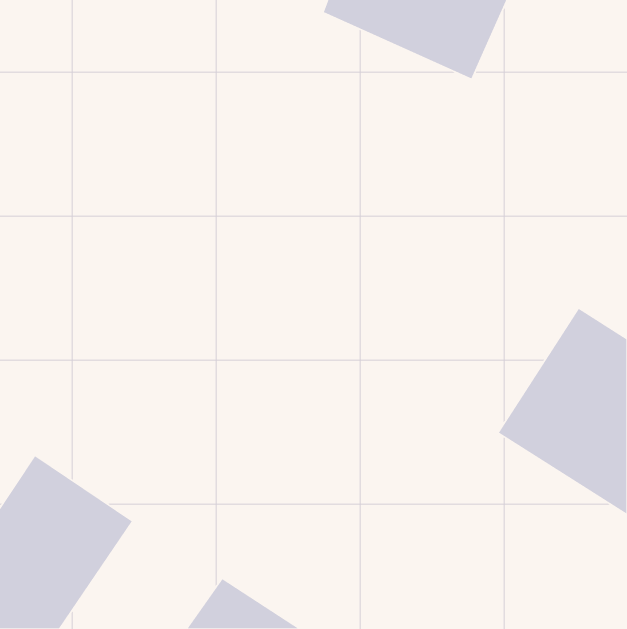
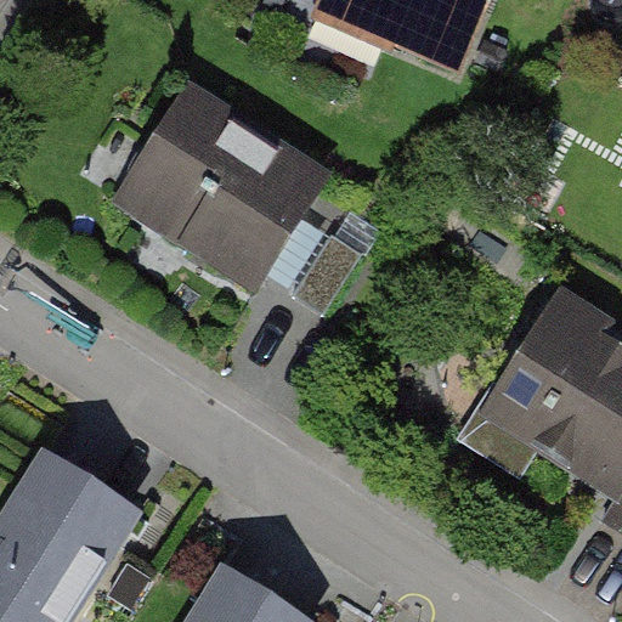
building: none -> [124,86,341,288]

